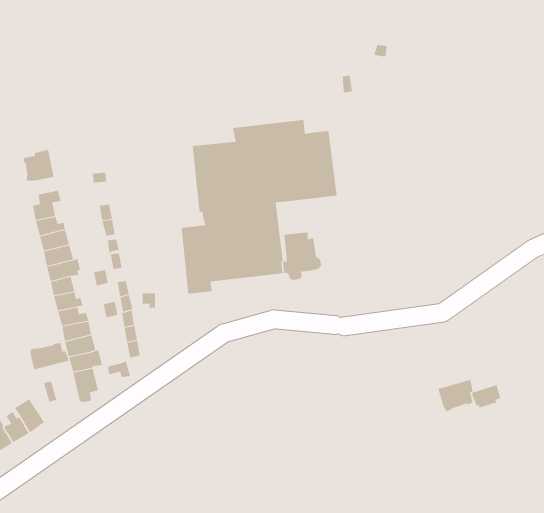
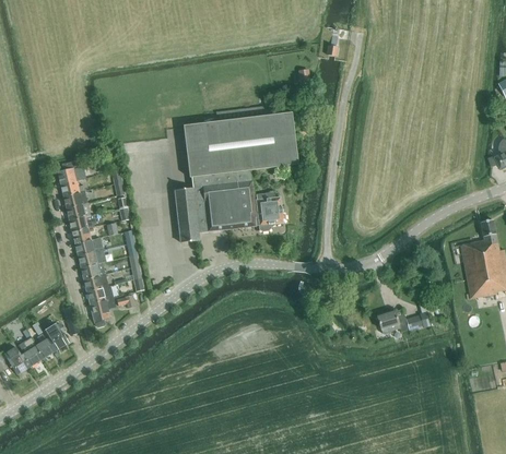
building: [23,149,54,182] -> none
building: [30,342,69,370] -> none

